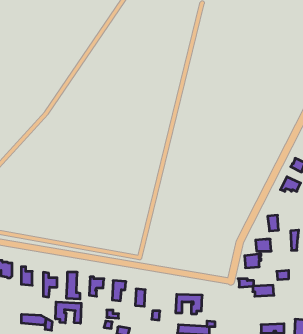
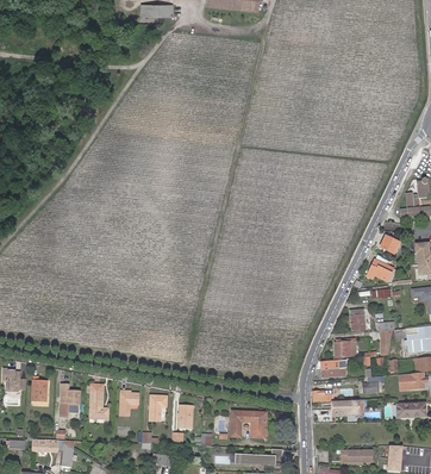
building: [56,302,81,323] -> none

